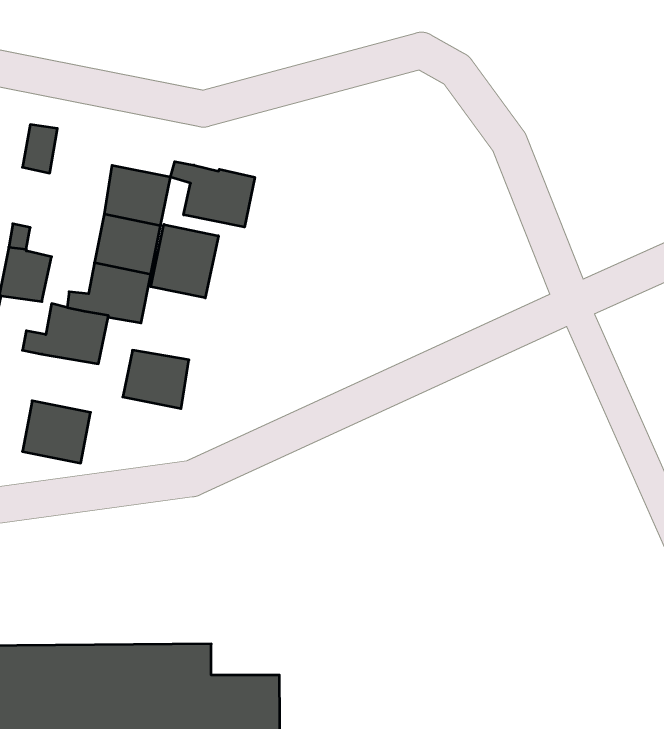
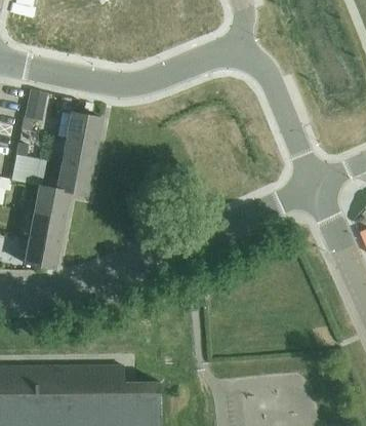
building: [170,162,255,227] -> none
building: [151,224,218,298] -> none
building: [123,350,189,409] -> [29,212,64,243]

